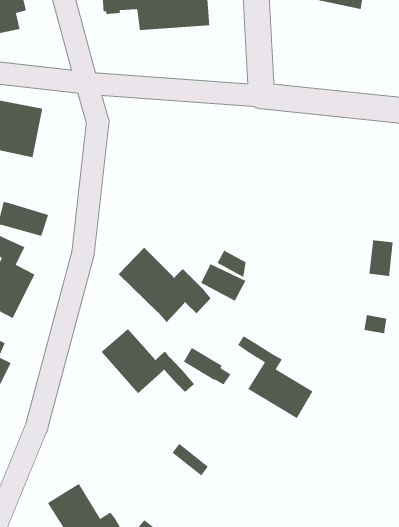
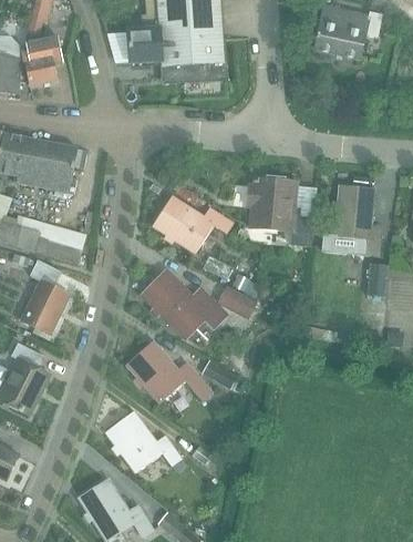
building: none -> [247,177,313,246]
building: none -> [321,184,379,254]
building: none -> [153,196,233,252]
building: [237,335,314,419] -> none
building: none -> [106,412,185,472]

